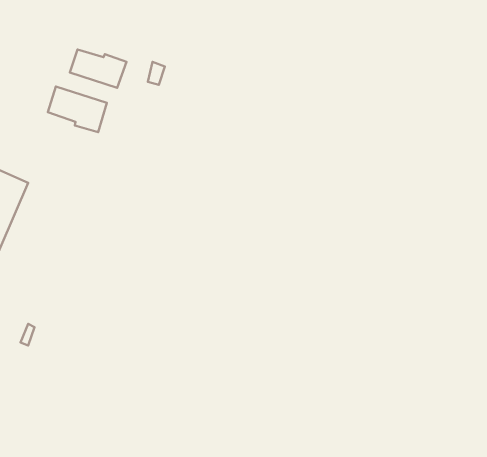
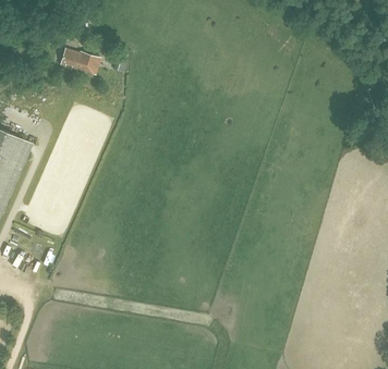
building: [48,87,107,132] -> none

